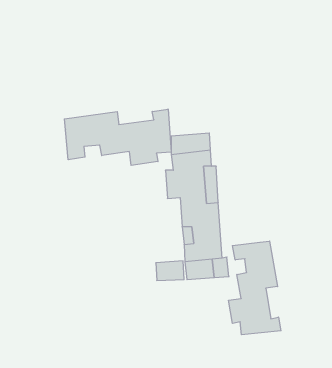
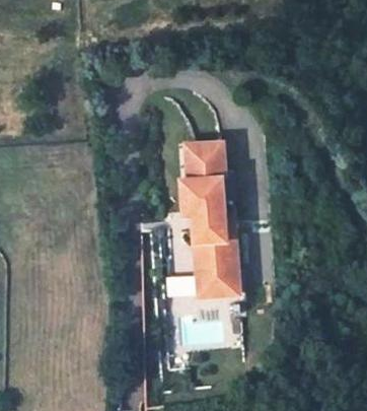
building: [64,109,171,165] -> none
building: [229,241,281,335] -> none

